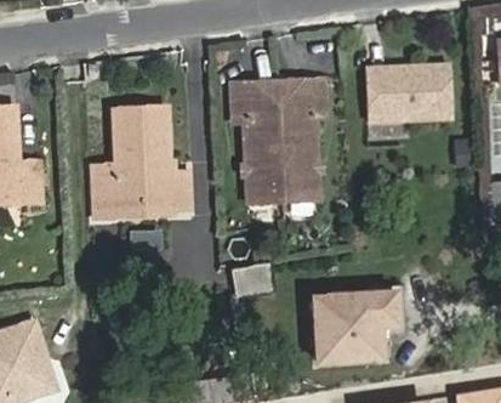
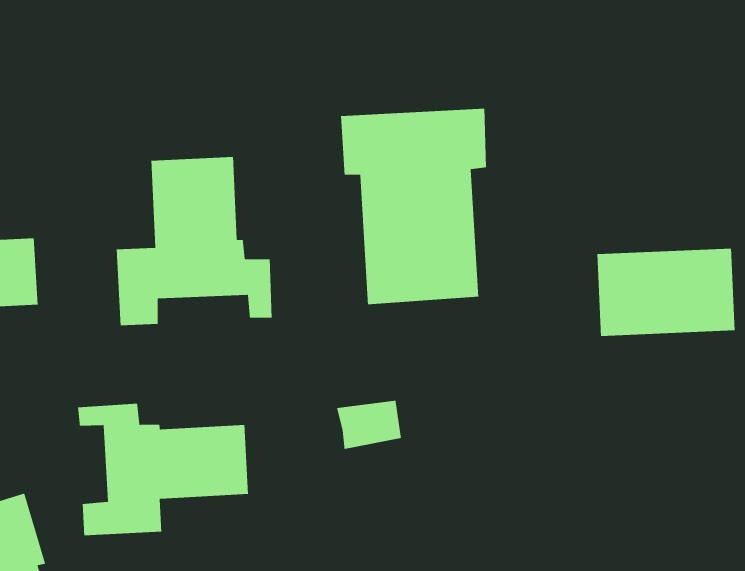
building: [366,66,454,121] -> [596,248,736,337]
building: none -> [77,403,249,536]
building: [315,296,395,362] -> none

